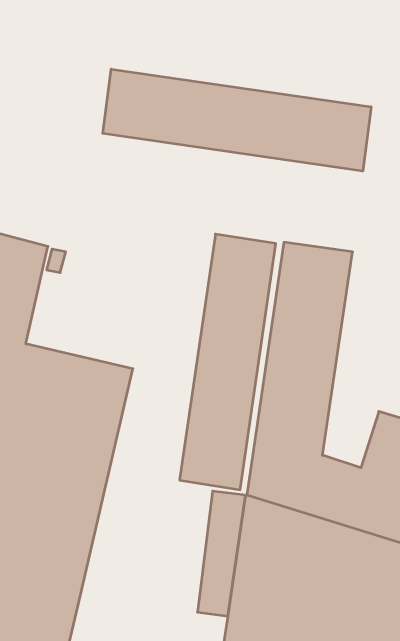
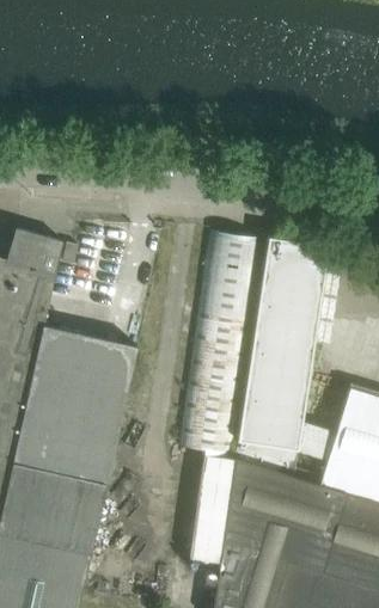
building: [103,69,371,171] -> none

